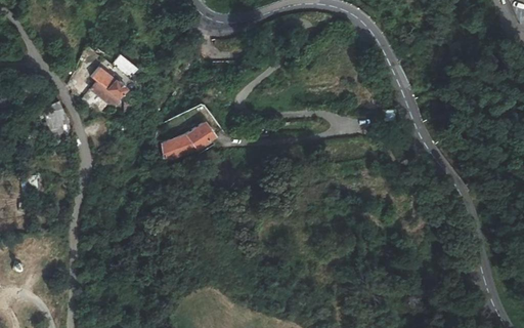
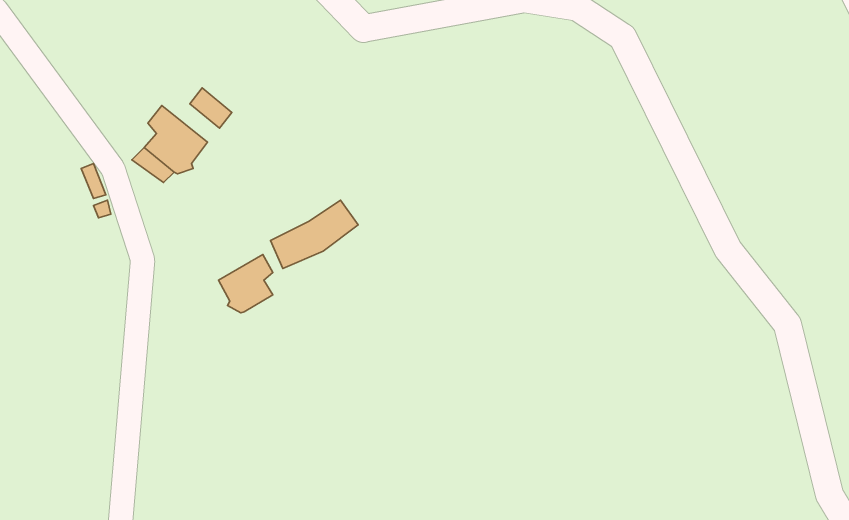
building: none -> [219,255,273,313]

